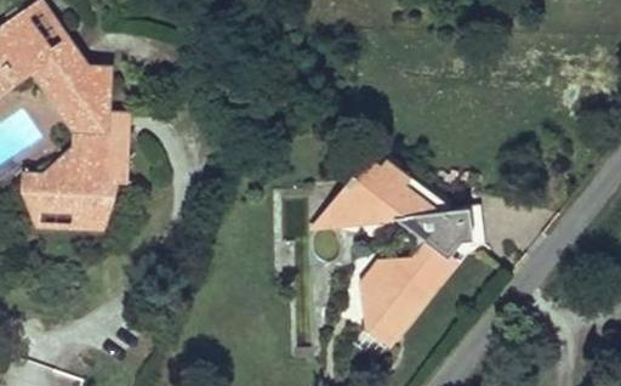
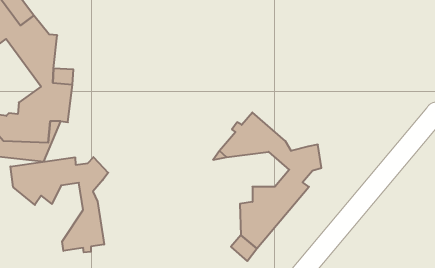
building: [372,163,448,220] -> none
building: none -> [10,157,108,252]

